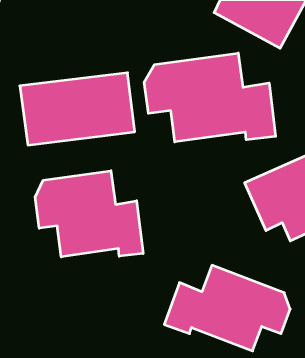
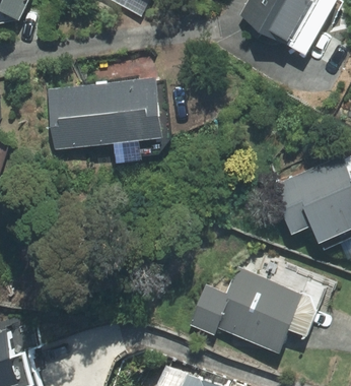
building: [144,53,276,142] -> none
building: [35,171,143,257] -> none

